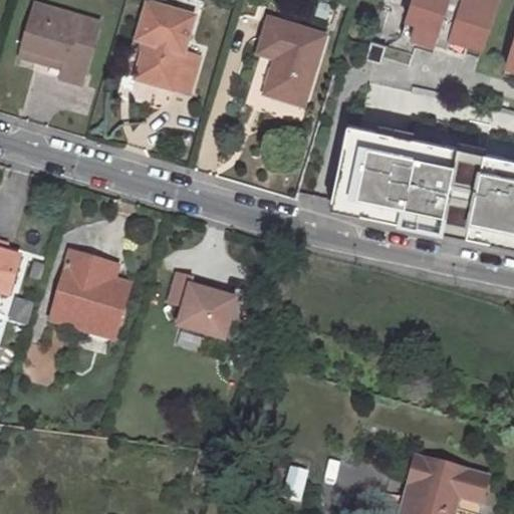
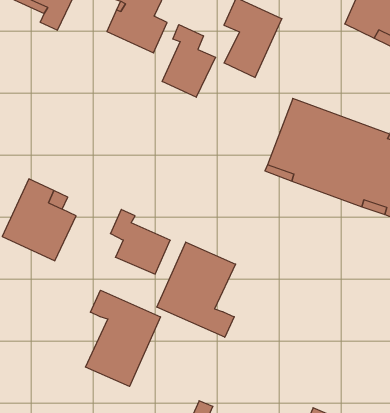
building: none -> [162,25,216,97]
building: none -> [157,242,236,337]
building: none -> [86,290,160,386]

